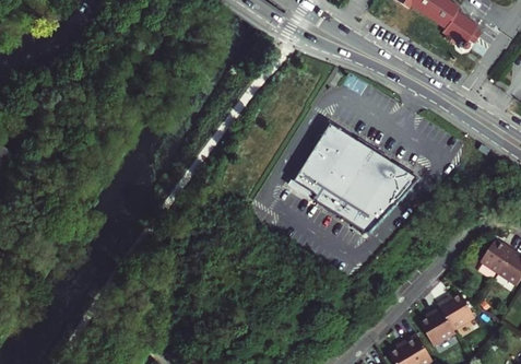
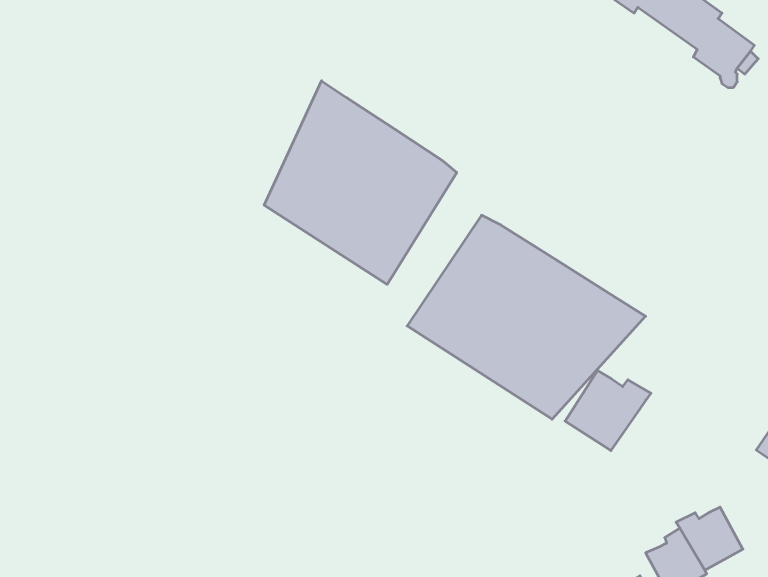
building: none -> [264,81,457,284]
building: none -> [565,370,651,451]

